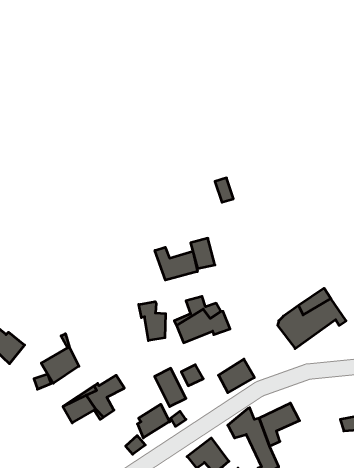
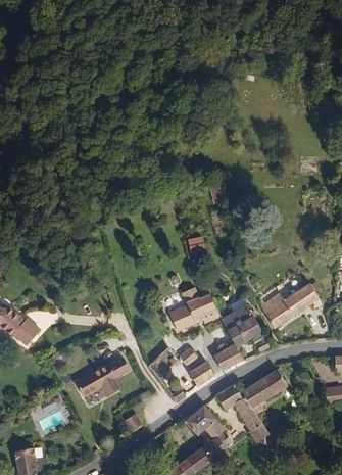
building: [155,247,197,280] -> none
building: [139,302,166,341] -> none
building: none -> [226,297,261,342]
building: [41,334,79,383] -> none
building: [137,404,170,438] -> [186,358,214,387]

